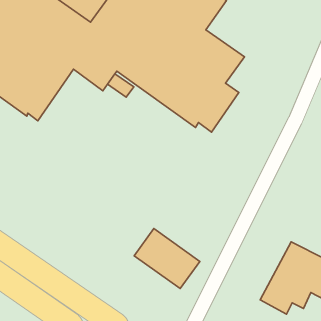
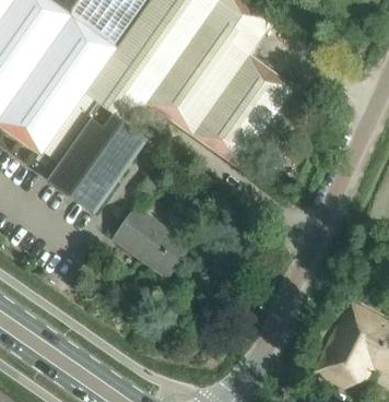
building: none -> [54,101,143,204]
building: [134,229,200,289] -> [111,206,188,276]

